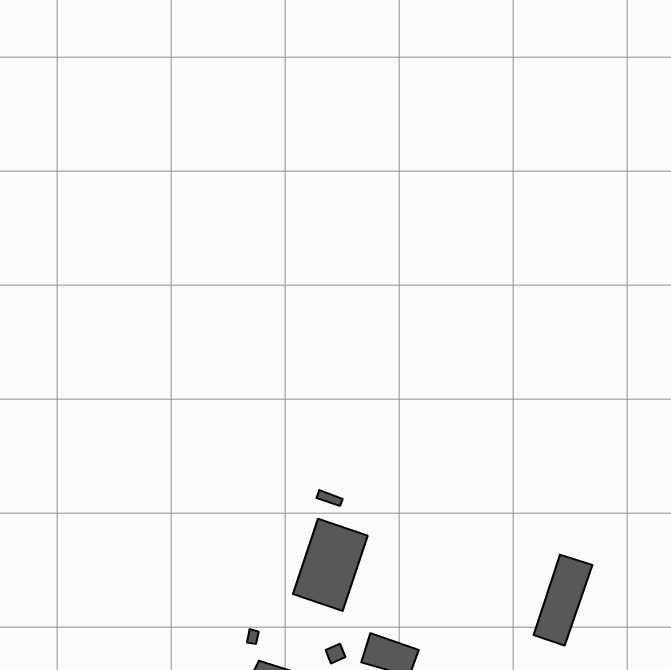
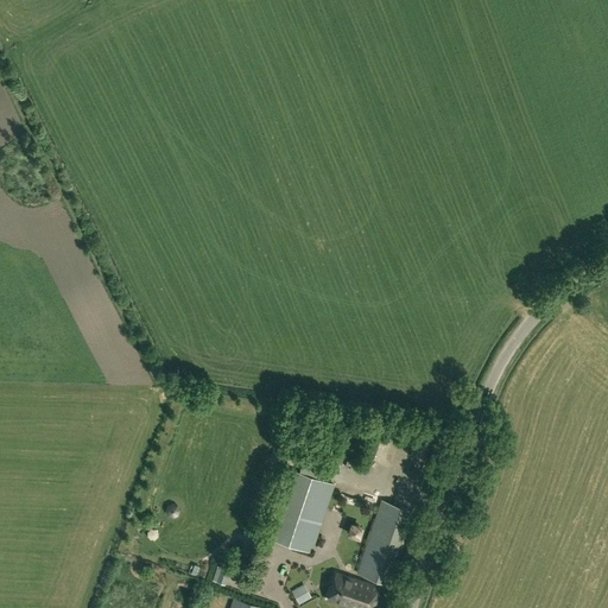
building: [533,555,593,645] -> [357,502,411,584]

